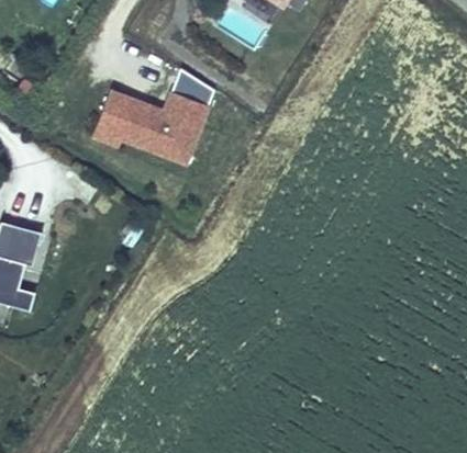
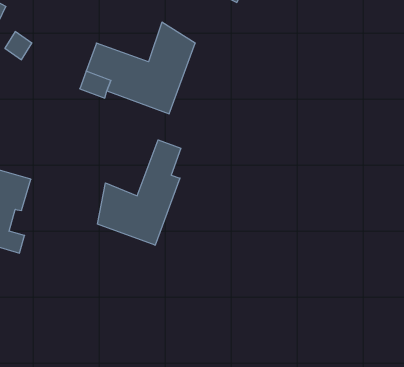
building: none -> [97,140,181,245]

